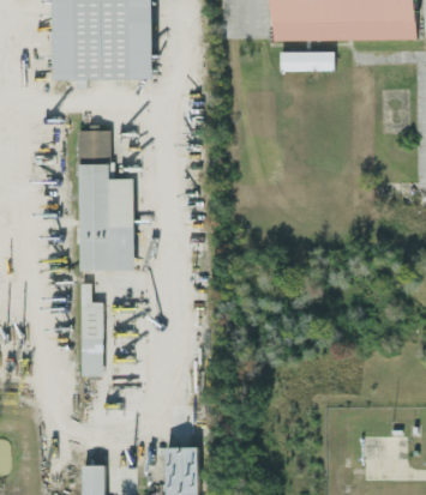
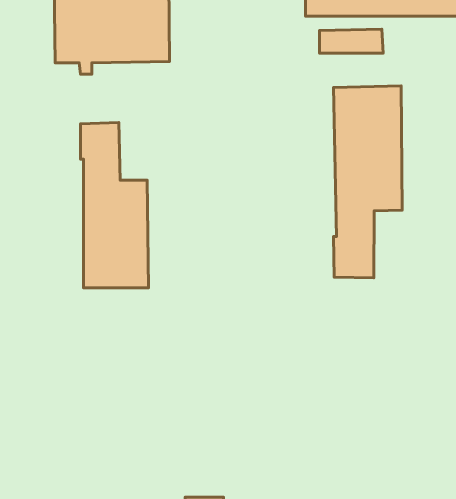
building: none -> [333,86,402,278]
building: [80,283,103,376] -> none

